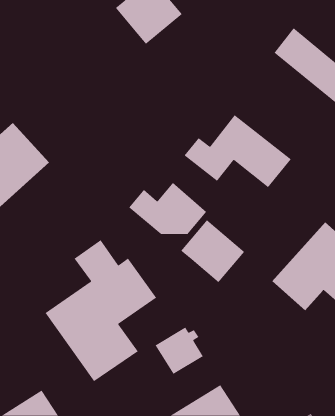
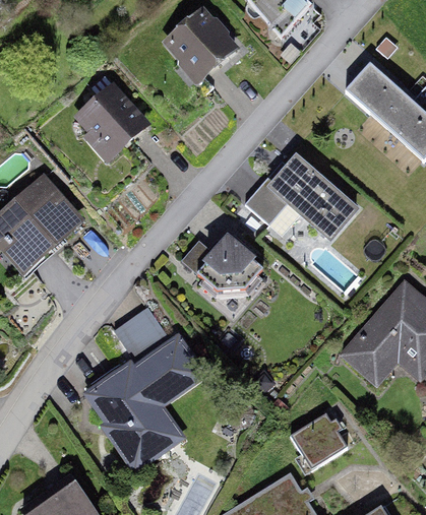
building: none -> [75,81,148,155]
building: [180,219,245,283] -> none
building: [155,327,204,375] -> [290,414,347,470]

